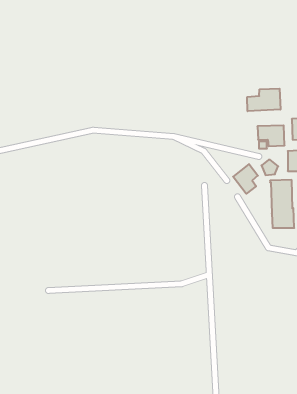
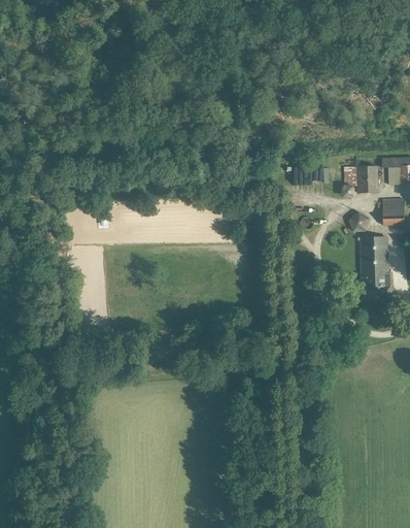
building: [247,89,280,111] -> none
building: [233,164,258,194] -> none

